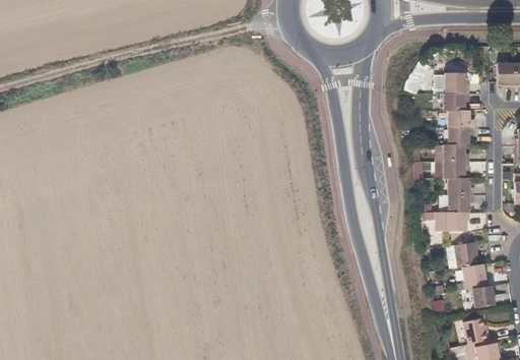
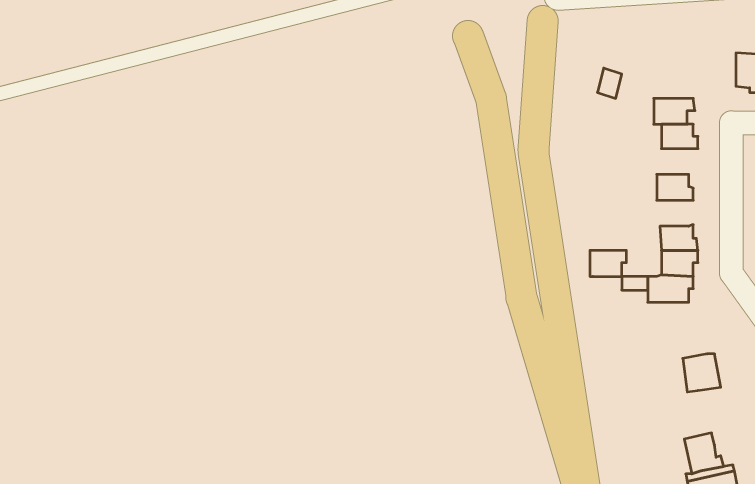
building: [444,73,469,94] -> none
building: [447,127,472,144] -> none
building: [445,162,469,179] -> [590,250,626,276]
building: [455,242,478,268] -> none
building: [472,286,495,308] -> none

